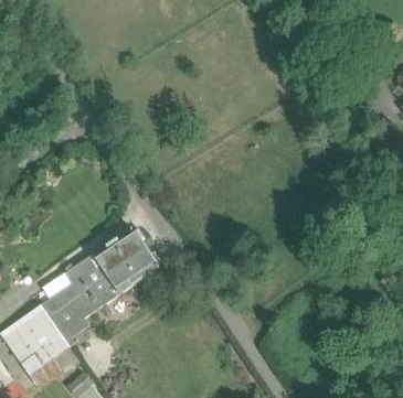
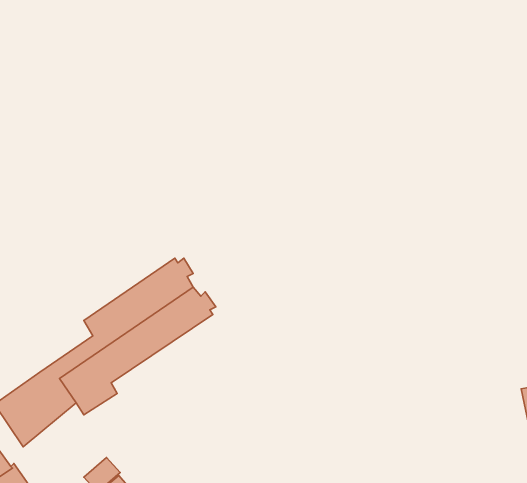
building: [21,332,70,375] -> none

